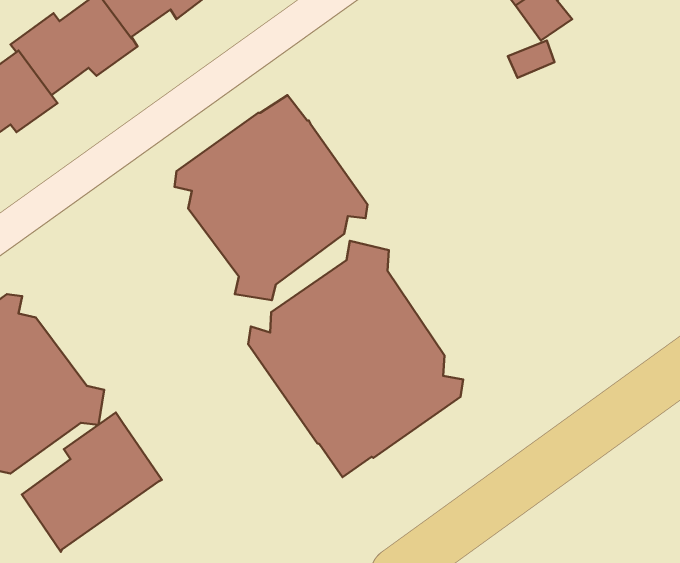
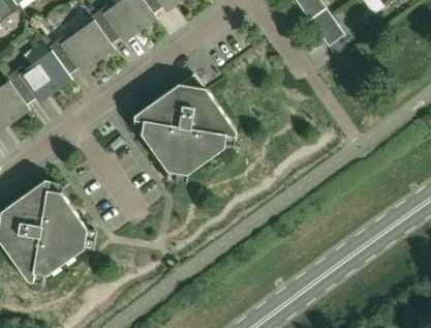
building: [248,241,463,477] -> none
building: [22,412,162,552] -> none

